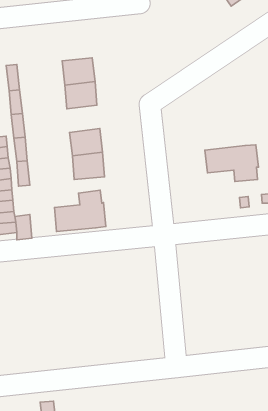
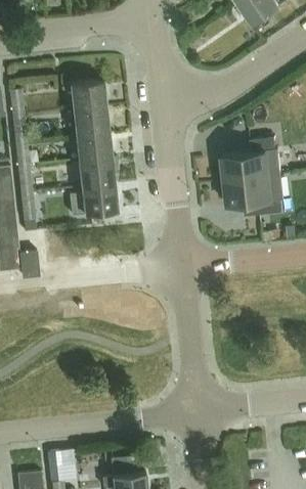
building: none -> [75,131,111,161]
building: none -> [221,137,279,180]
building: [54,190,106,231] -> none

